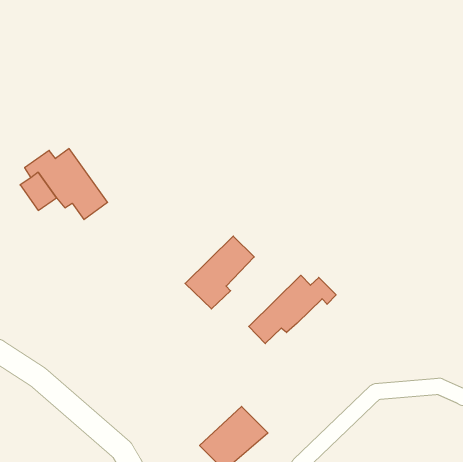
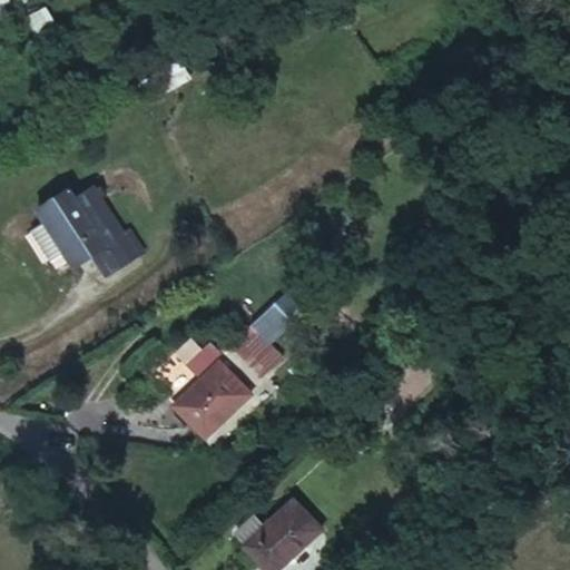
building: [249,275,336,344] -> none
building: none -> [173,351,253,430]

